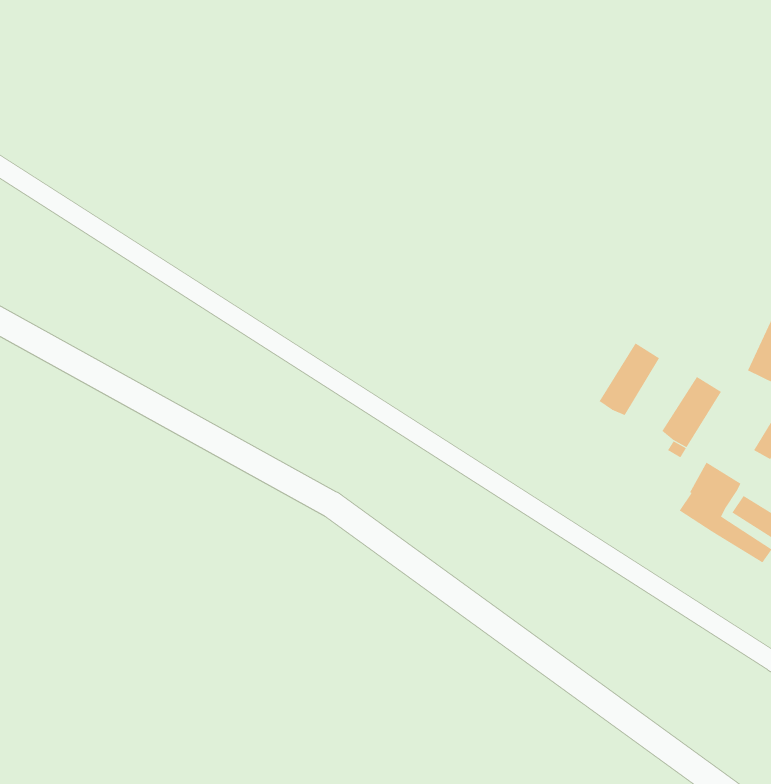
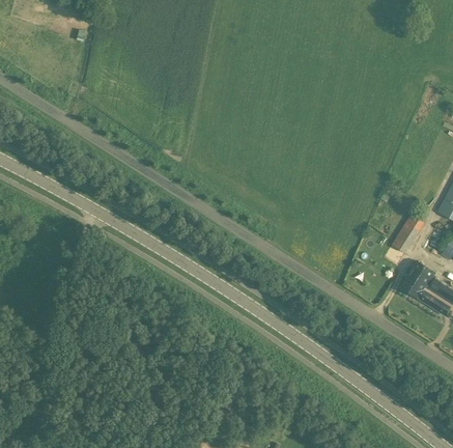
building: [599,342,660,416] -> none

